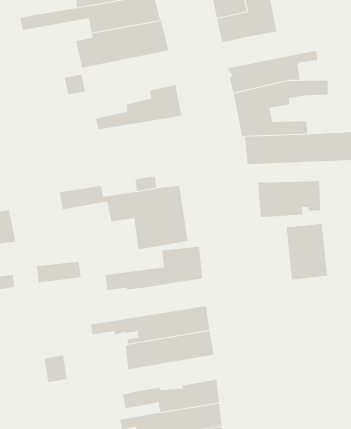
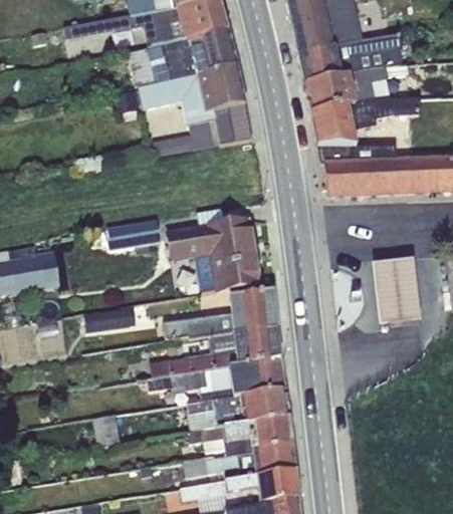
building: none -> [298,34,403,83]
building: none -> [139,63,246,125]
building: [258,180,321,218] -> none
building: none -> [151,326,281,378]
building: none -> [190,415,293,456]

